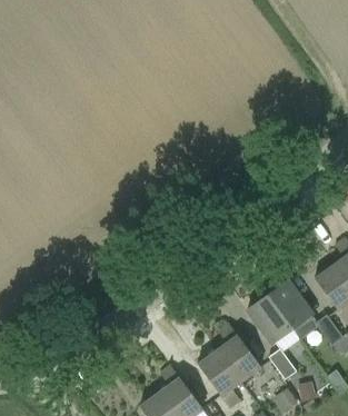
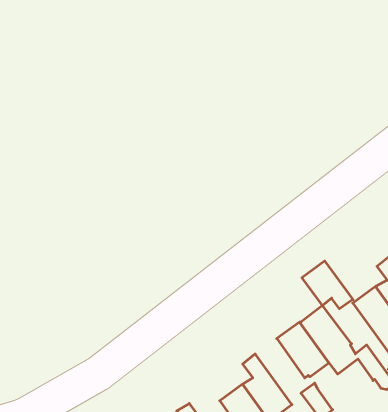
building: none -> [302,261,353,309]

